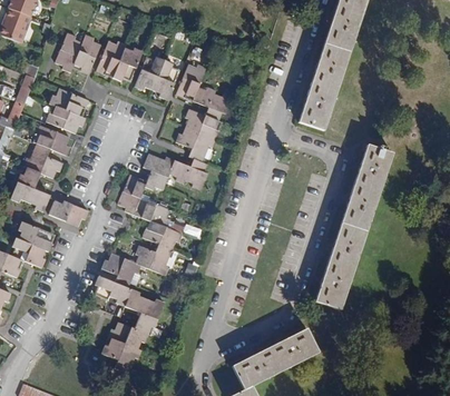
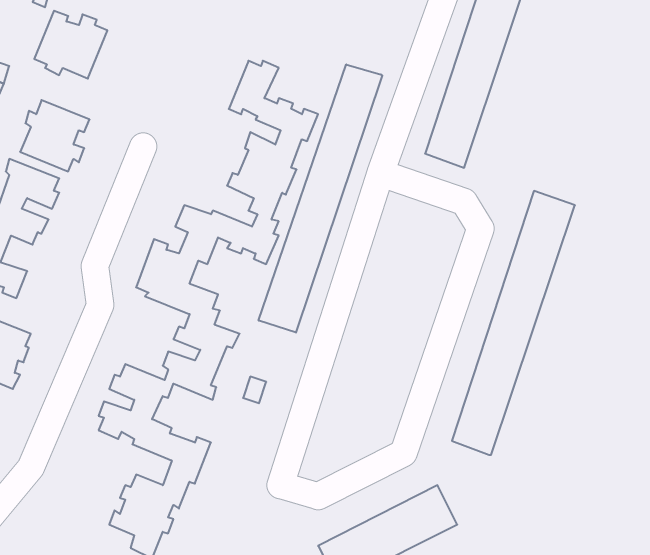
building: [96,41,143,81] -> none
building: [135,57,179,100] -> none
building: none -> [259,64,382,333]
building: [48,200,89,226] -> none

